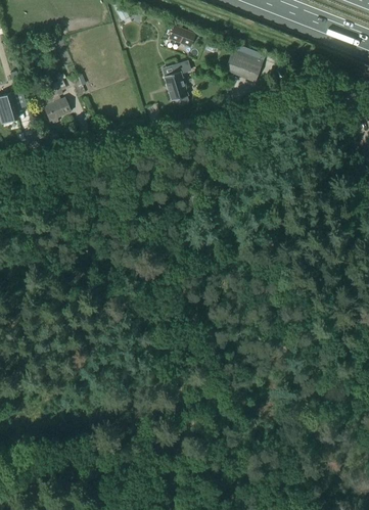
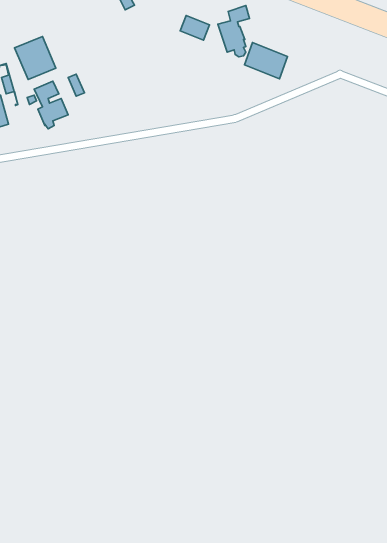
building: none -> [15,37,56,79]
building: [164,58,191,103] -> [218,6,249,57]

